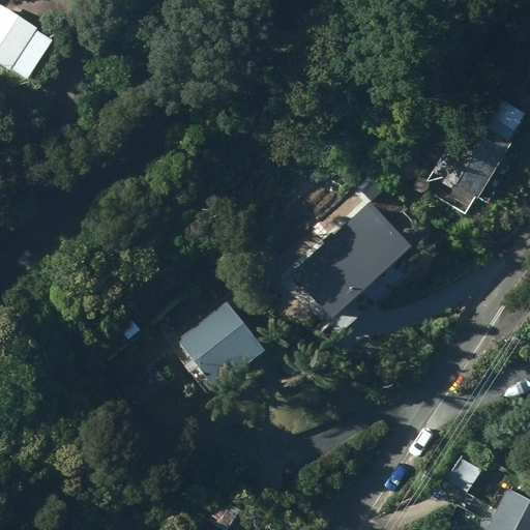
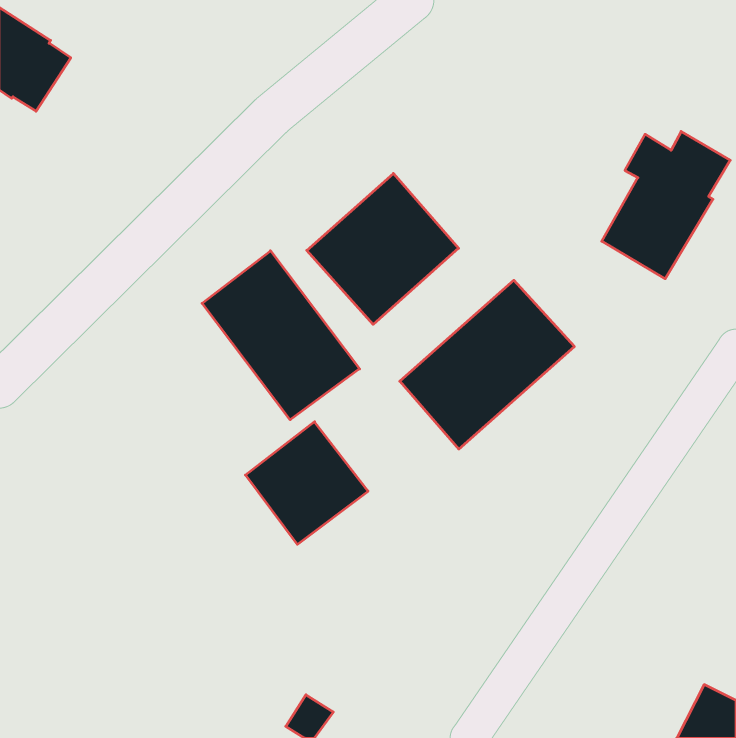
building: none -> [307,173,459,324]
building: none -> [202,251,360,420]

